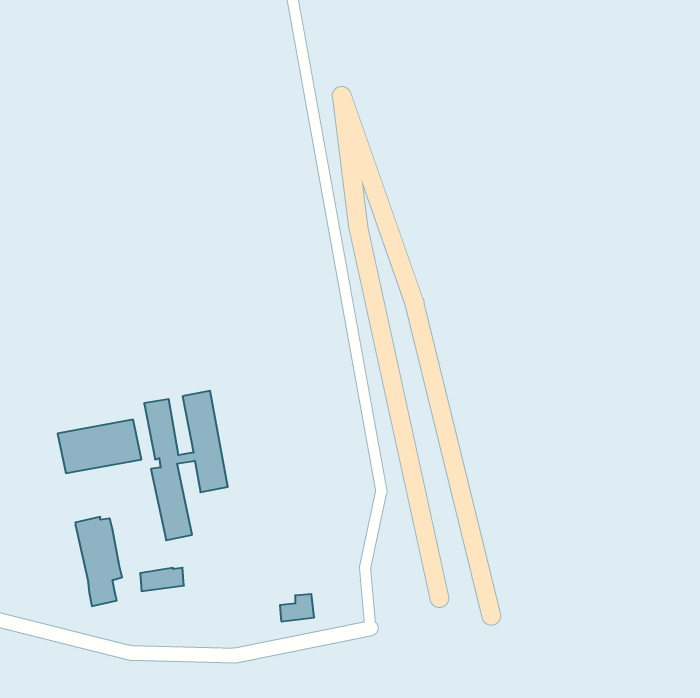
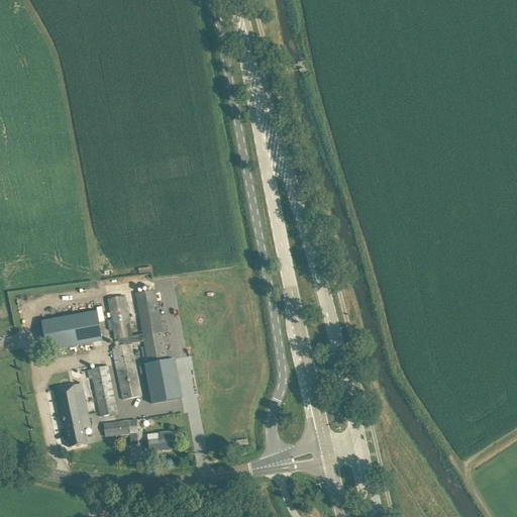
building: none -> [144,357,181,402]
building: none -> [90,364,117,415]
building: [280,594,314,621] -> [147,430,173,450]

